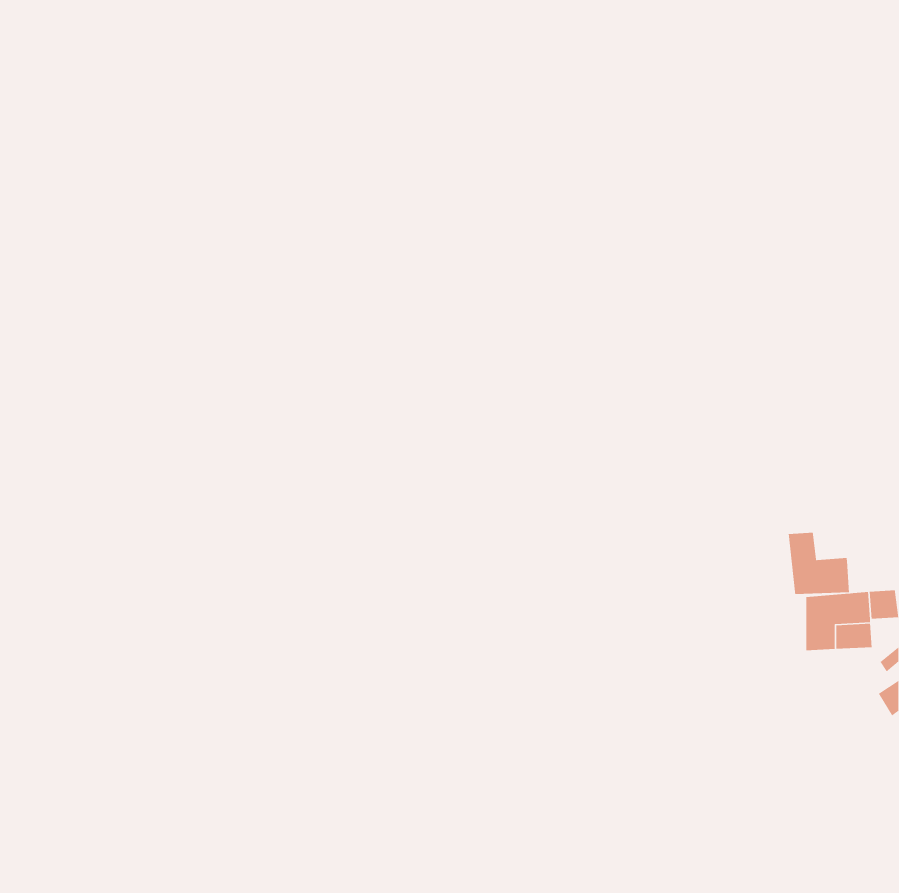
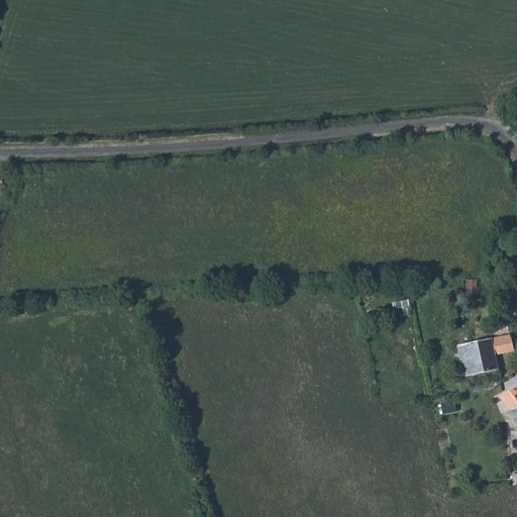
building: [788,532,850,595] -> none

